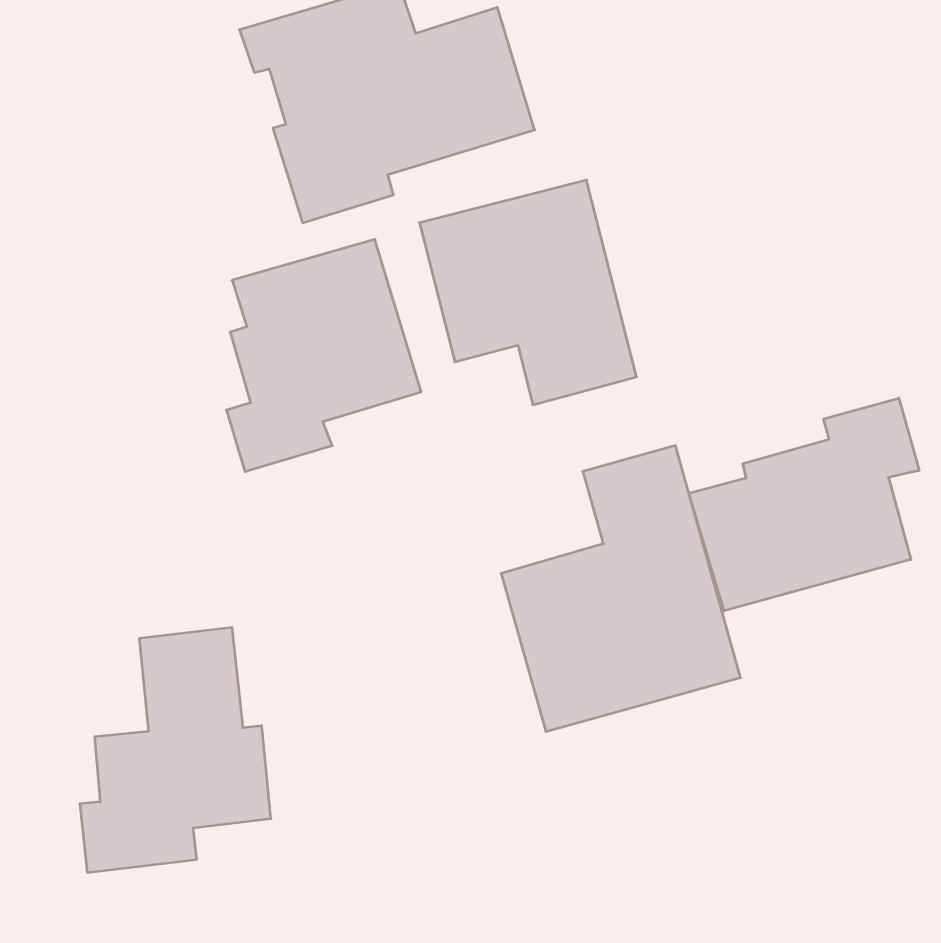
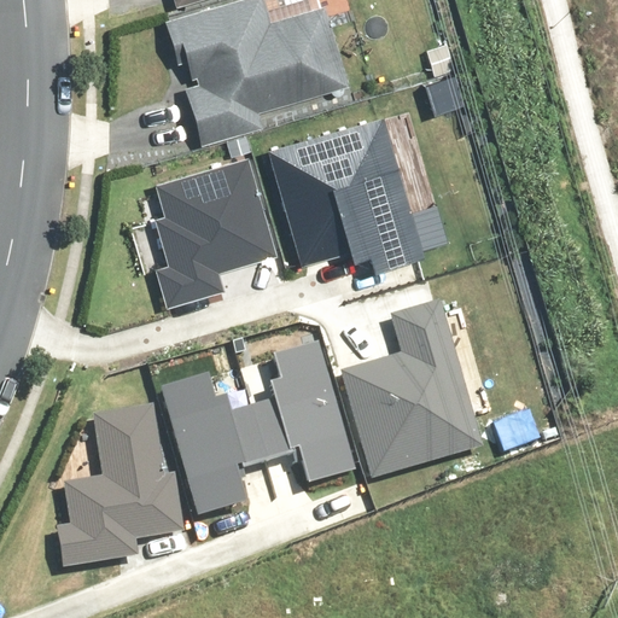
building: [689,398,919,611] -> none
building: none -> [158,339,360,520]

